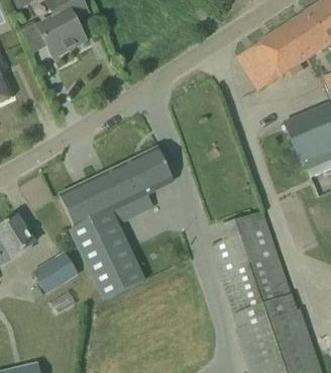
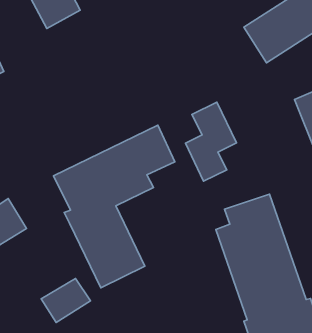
building: none -> [186,102,236,181]
building: [31,252,78,293] -> [41,278,91,322]

